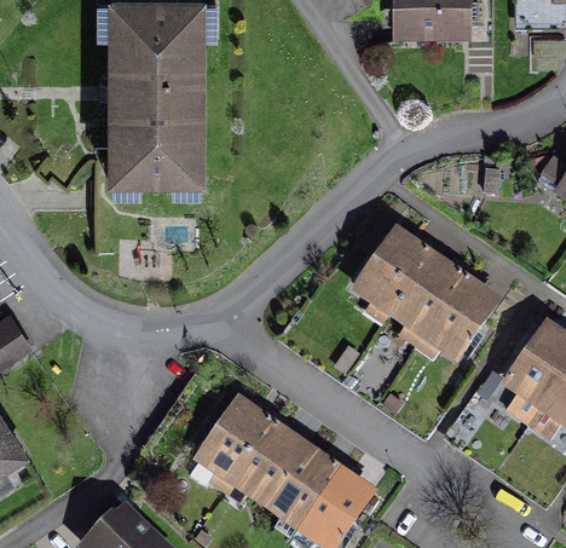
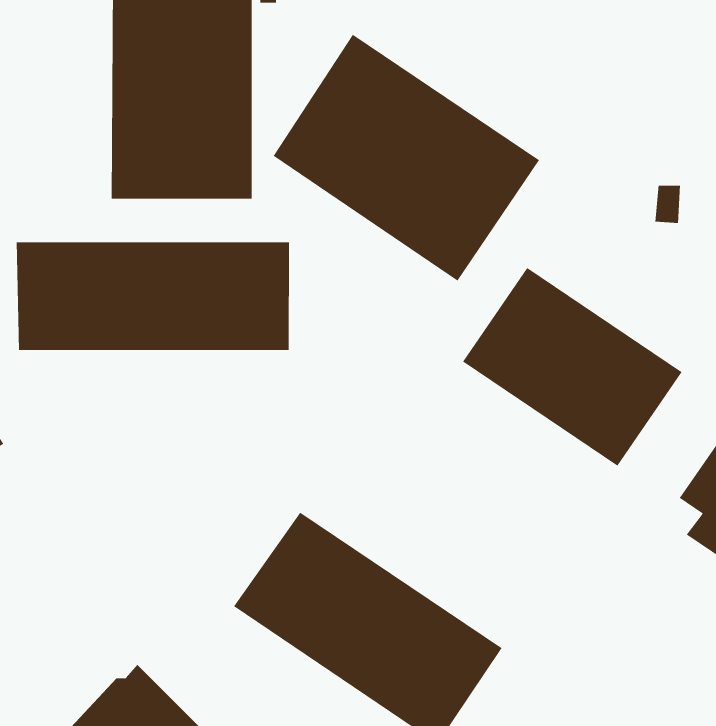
building: none -> [273,34,540,282]
building: none -> [16,242,290,351]

